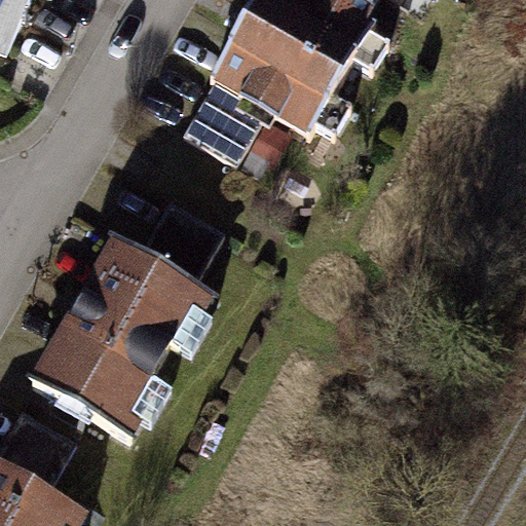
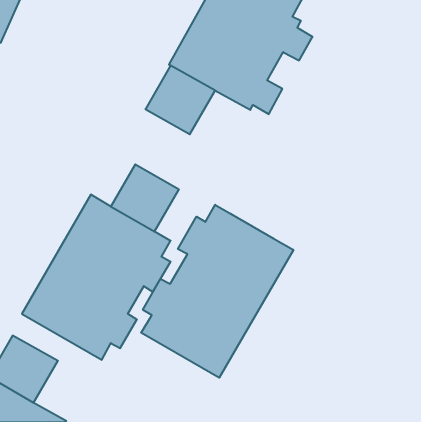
building: none -> [141,205,293,378]

